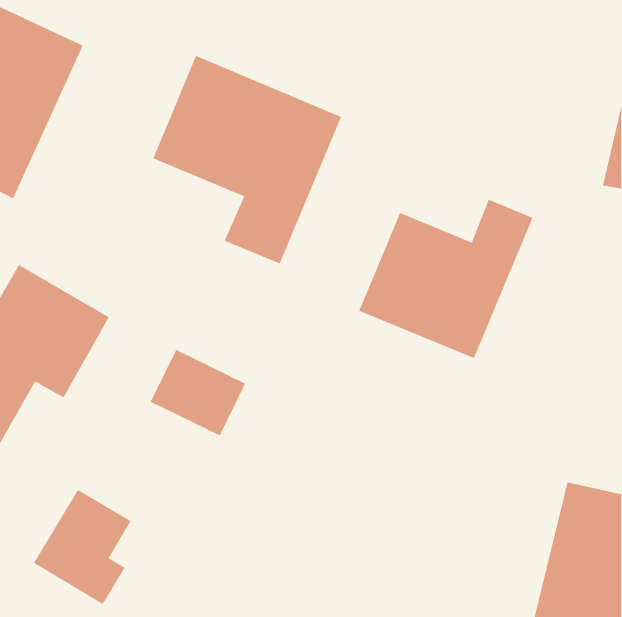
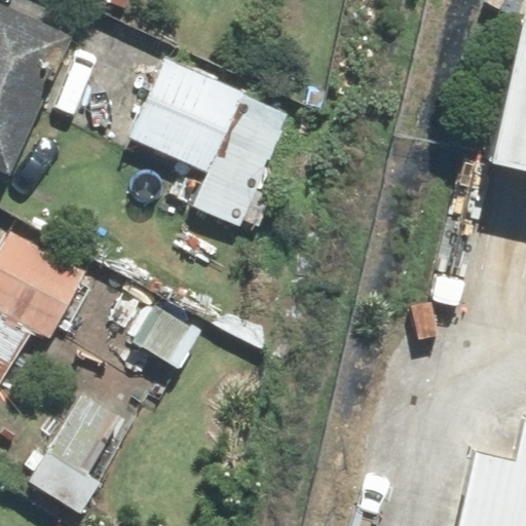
building: [358,199,533,359] -> none

